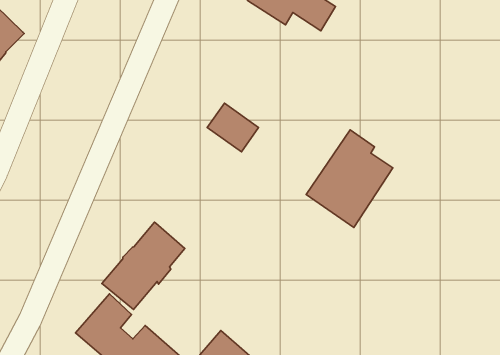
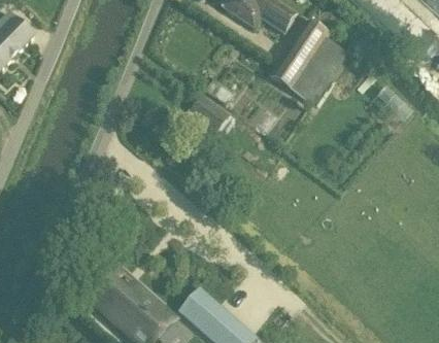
building: [306,130,393,228] -> [272,21,345,103]
building: [102,222,185,310] -> none

